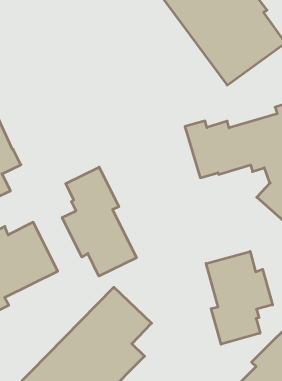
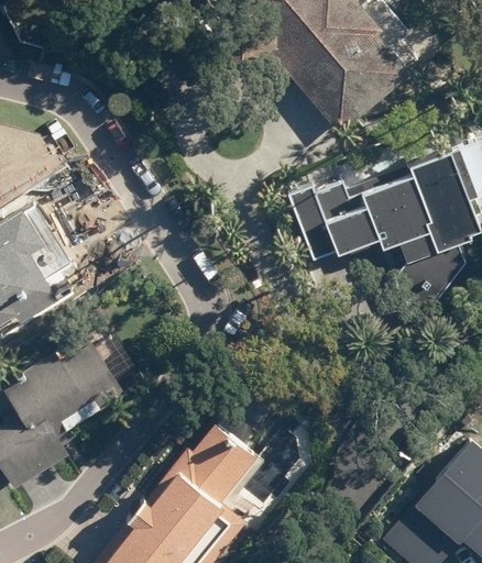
building: [62,167,136,276] -> none
building: [206,251,273,344] -> none

